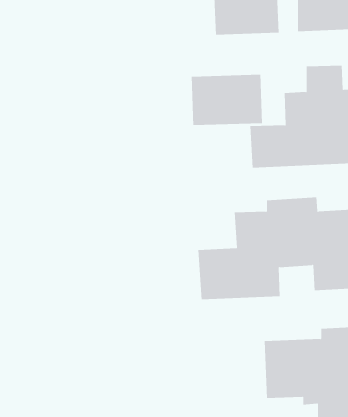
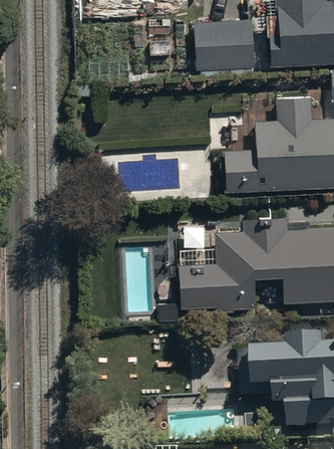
building: [191,74,263,126] -> none

